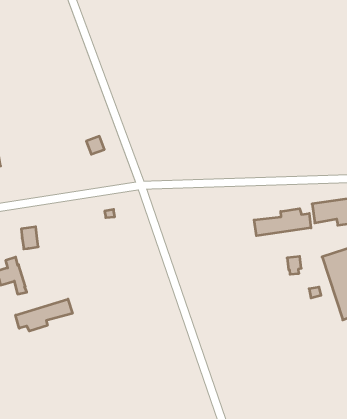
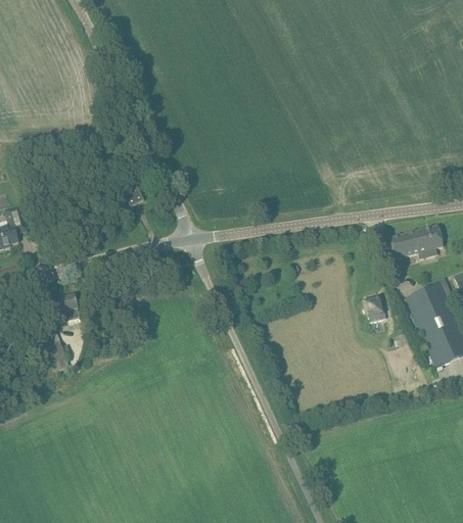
building: [254,209,311,236] -> none
building: [16,299,72,331] -> none

